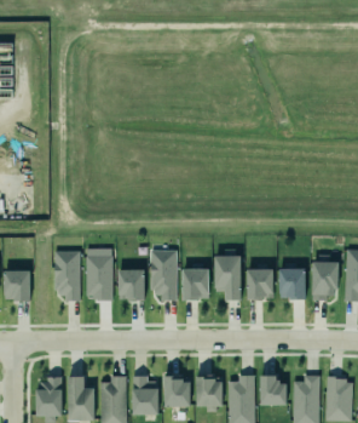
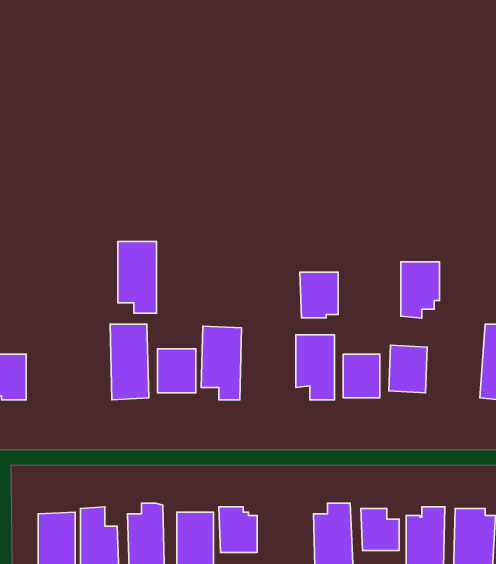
building: [54,251,81,301] -> [118,241,156,313]
building: [311,261,337,299] -> [401,262,439,318]
building: [180,268,207,299] -> [300,272,338,318]
building: [196,377,224,408] -> none

